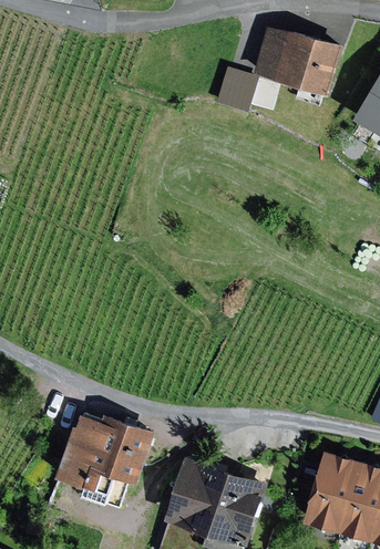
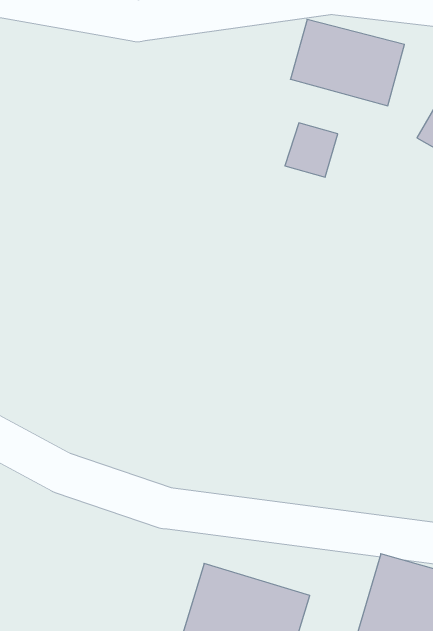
building: [215,69,257,112] -> [285,123,338,177]
building: [55,414,154,494] -> none

